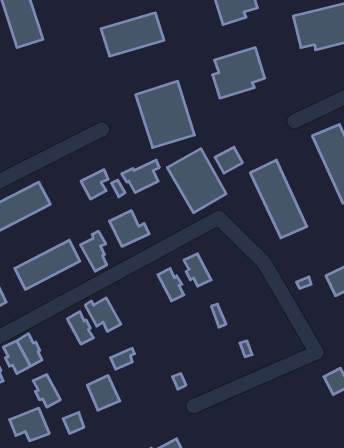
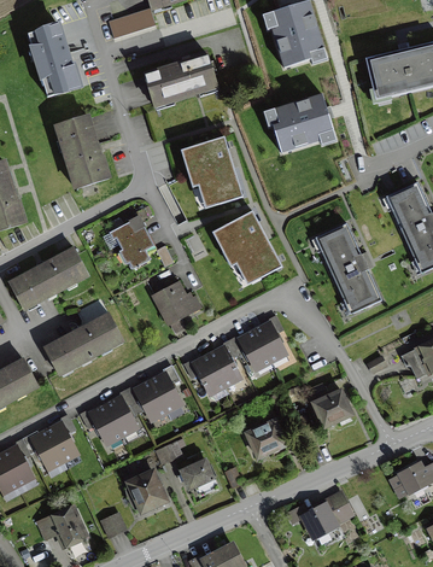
building: none -> [55,116,104,185]
building: [215,147,242,173] -> none
building: [122,160,159,193] -> [105,210,148,247]
building: [80,231,107,271] -> [150,366,180,411]
building: none -> [254,323,285,361]
building: none -> [193,355,224,393]
building: none -> [314,390,350,425]
building: none -> [246,421,282,455]
building: none -> [181,460,216,493]
building: [33,375,60,407] -> [89,405,121,443]
building: none -> [286,495,349,536]

